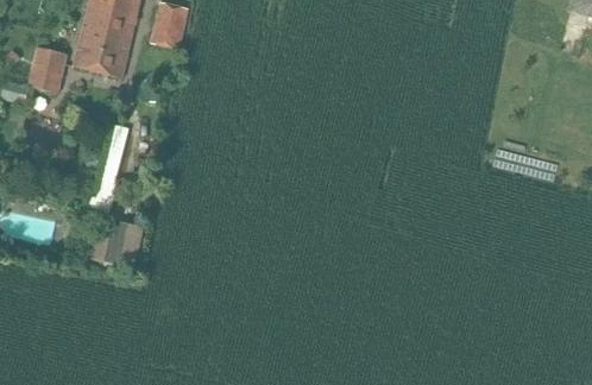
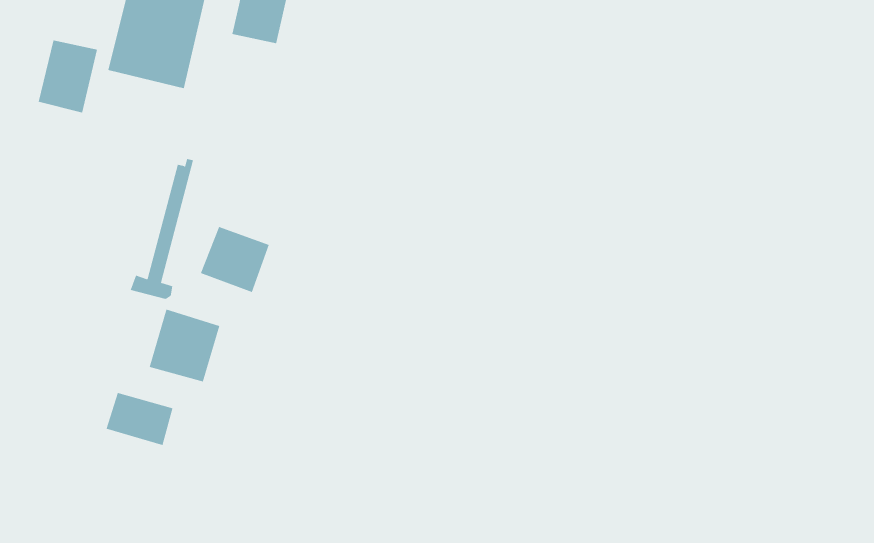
building: none -> [200,226,270,293]
building: none -> [106,392,173,446]

